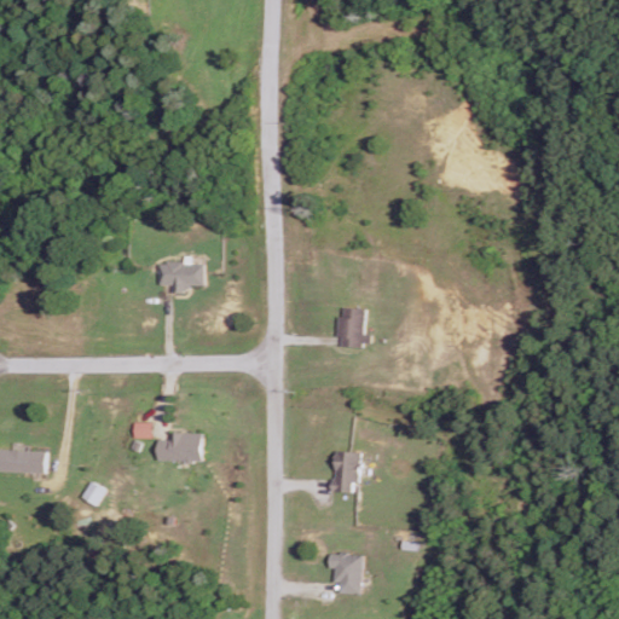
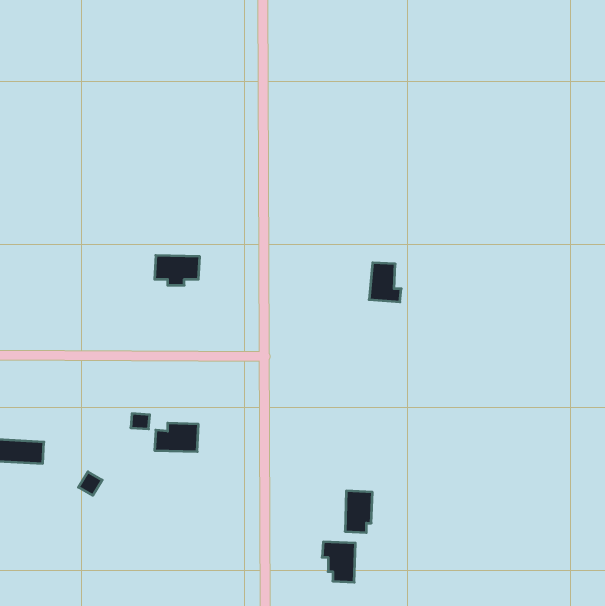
building: [335,307,368,347] -> [369,263,401,302]
building: [331,450,359,492] -> [345,491,372,533]

